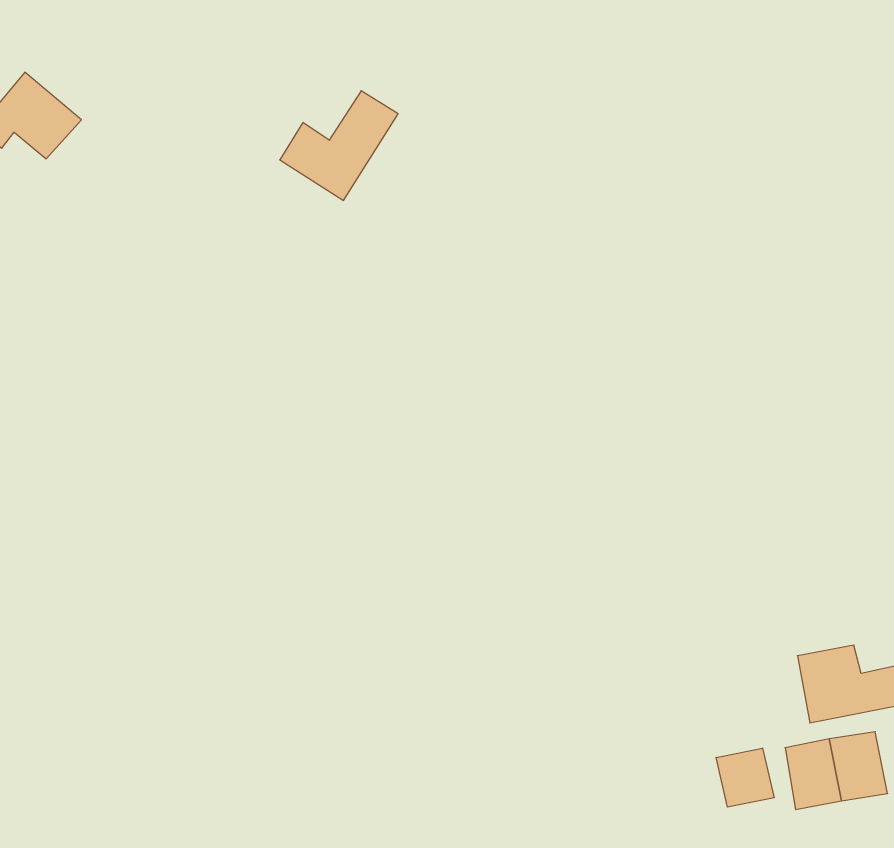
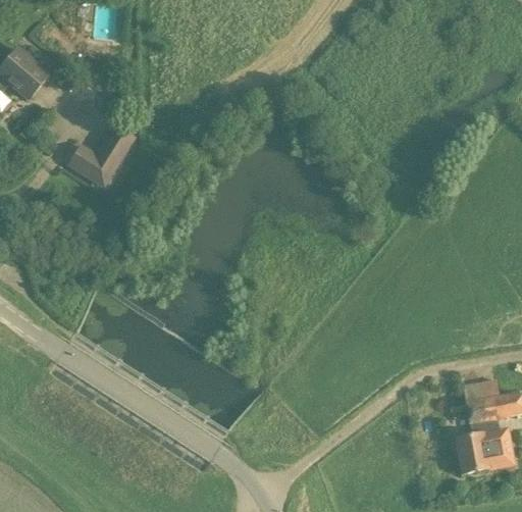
building: [280,91,398,200] -> [68,125,137,189]
building: [716,748,774,807] -> none

